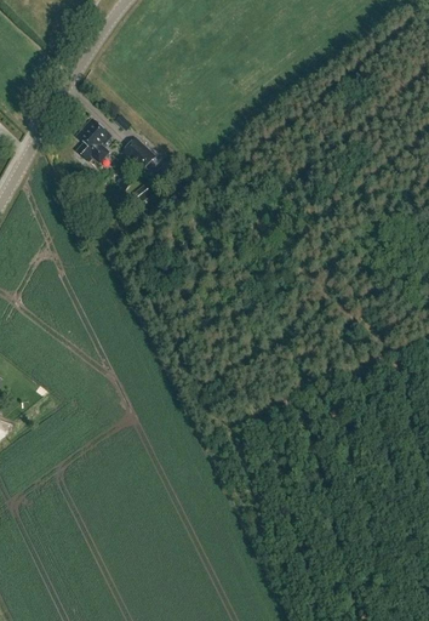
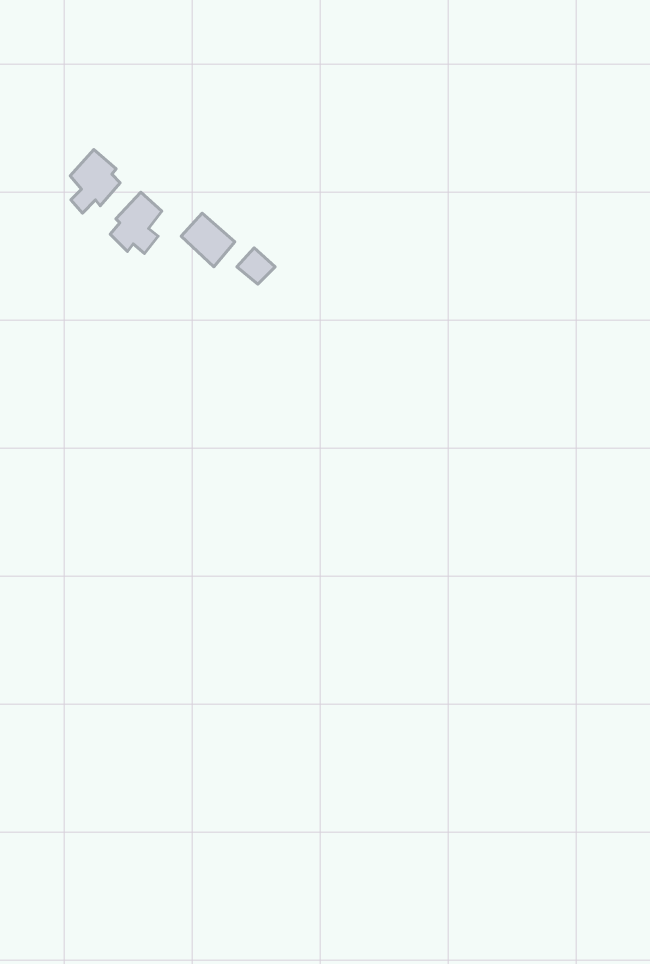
building: none -> [70,149,120,213]

